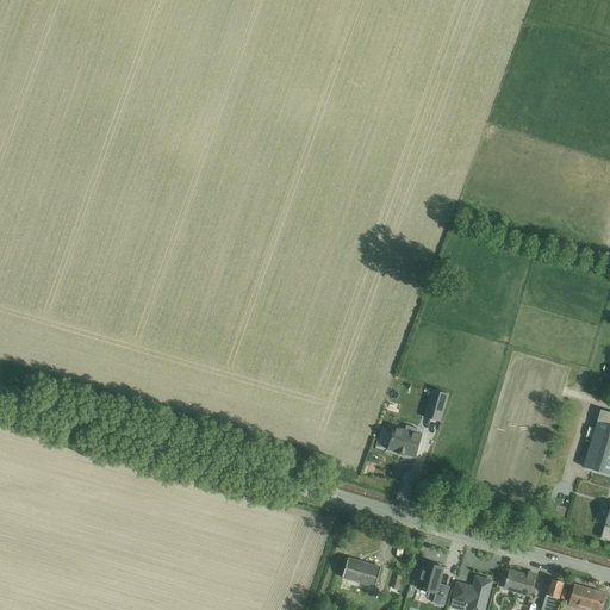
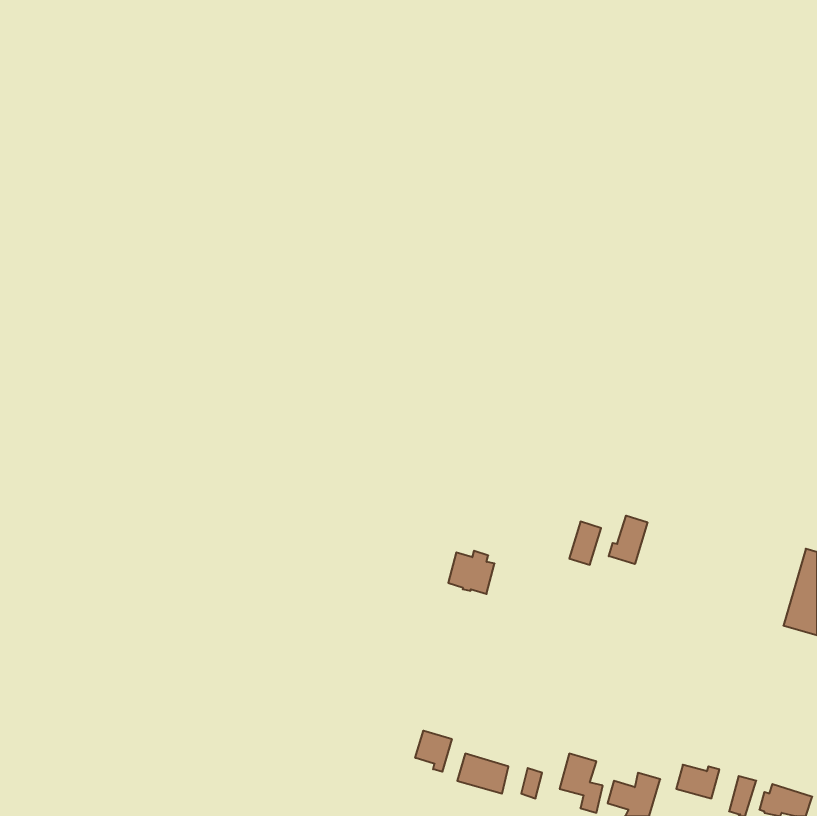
building: none -> [609,516,647,564]
building: [387,424,422,456] -> [448,551,495,594]
building: none -> [415,731,452,772]

